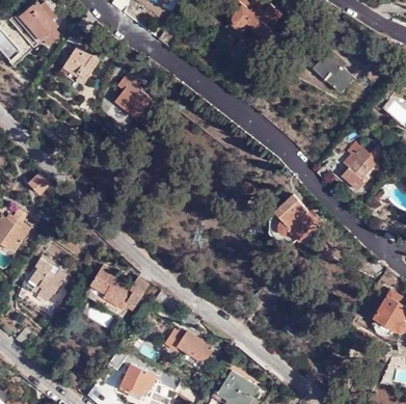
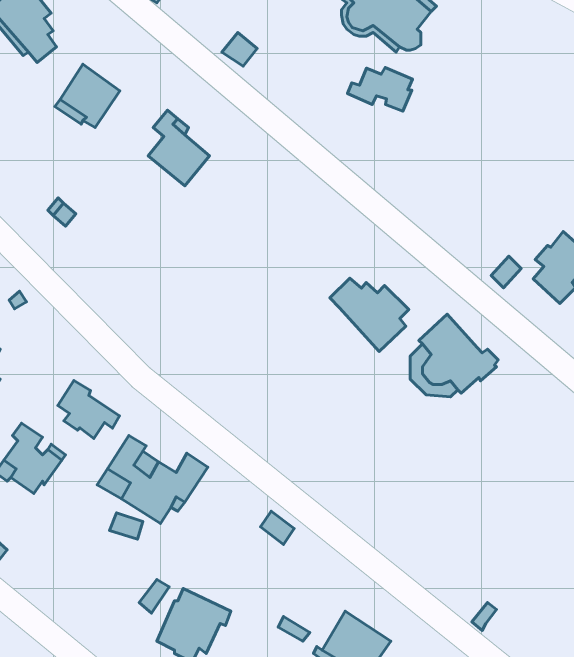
building: none -> [347,67,412,111]
building: [314,49,353,92] -> none
building: none -> [330,278,409,351]
building: none -> [58,380,120,439]
building: [166,330,214,363] -> none

